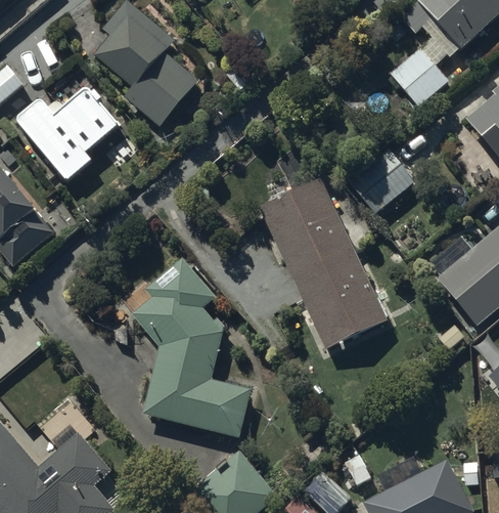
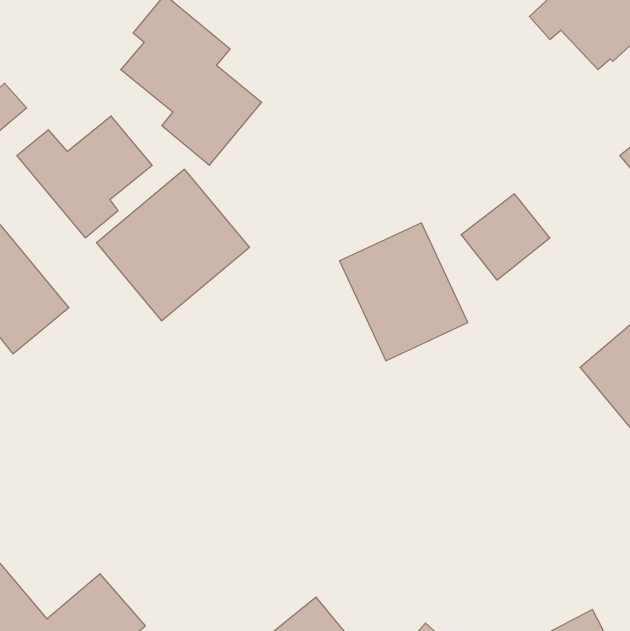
building: [390,46,448,105] -> none
building: none -> [97,169,249,321]
building: [291,245,385,342] -> none
building: [131,257,251,437] -> none

